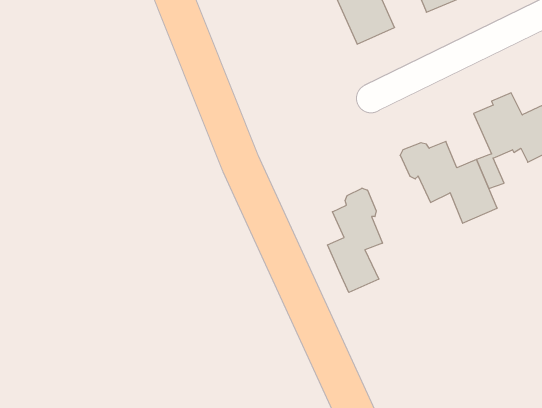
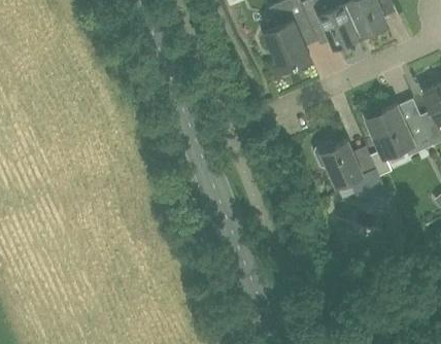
building: [328,188,382,292] -> none

